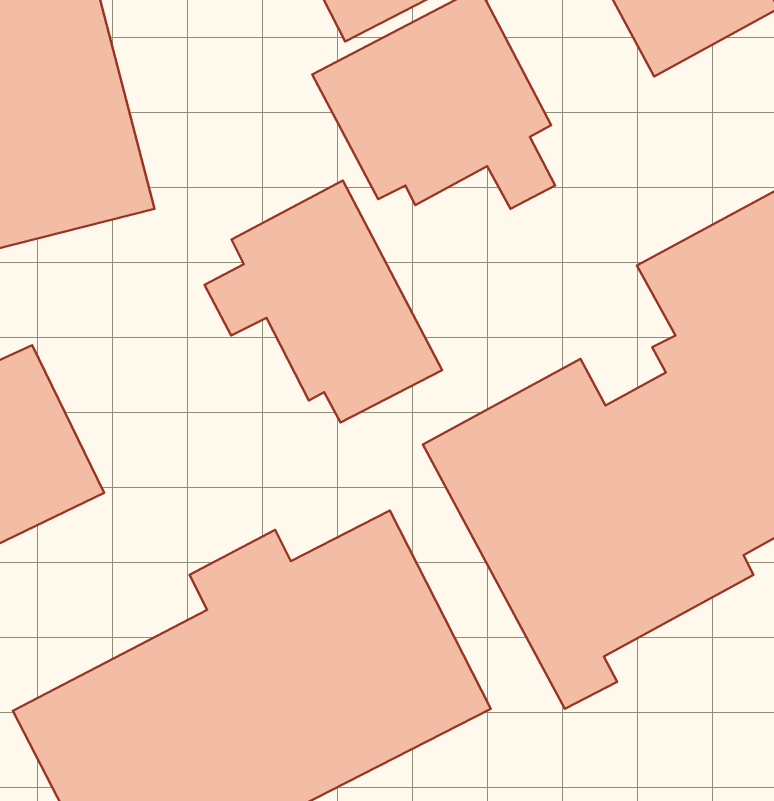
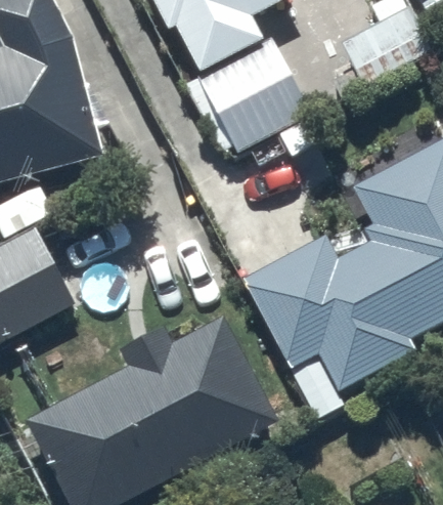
building: [205,181,442,422] -> none

